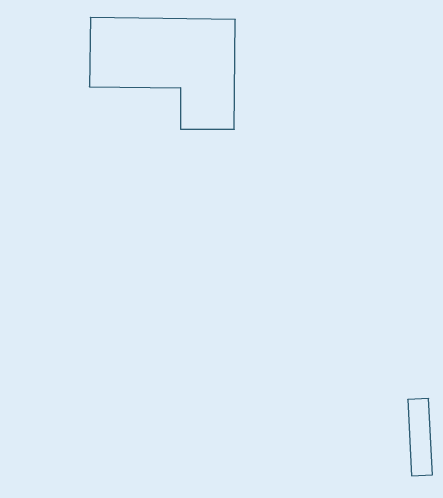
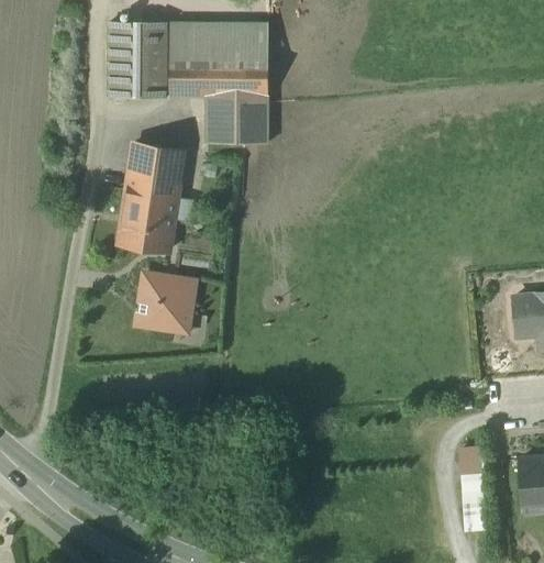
building: none -> [118,142,188,253]
building: none -> [142,272,200,329]

